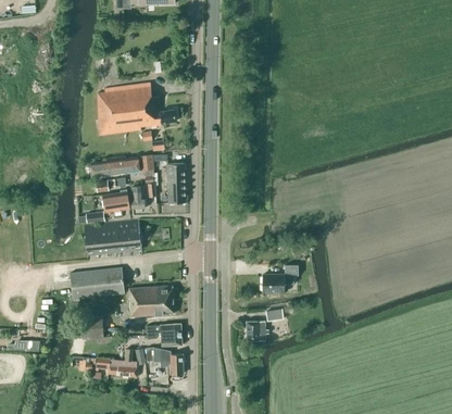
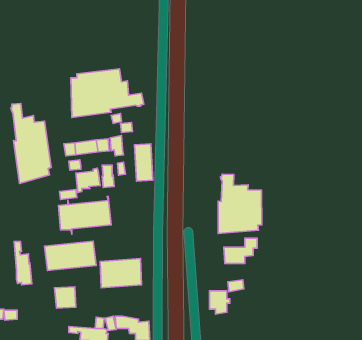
building: none -> [11,104,51,183]
building: none -> [218,174,262,233]
building: none -> [14,242,32,285]
building: [146,324,181,346] -> none

